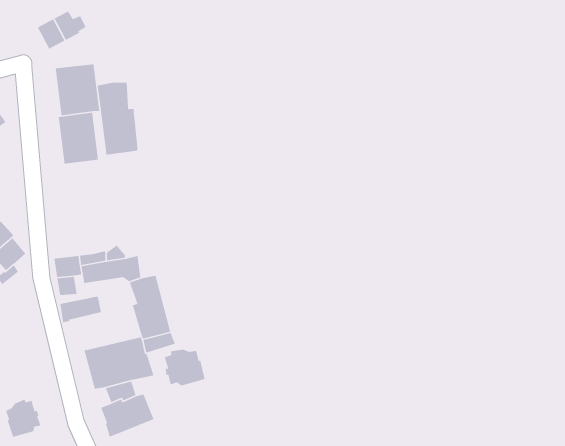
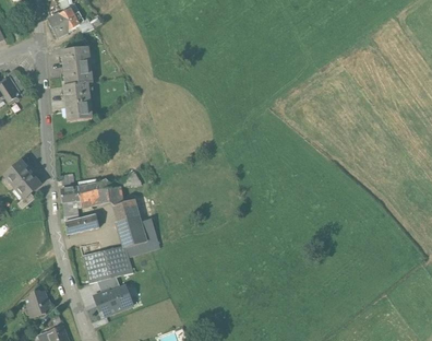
building: [97,82,138,155] -> none
building: [164,349,206,386] -> none

